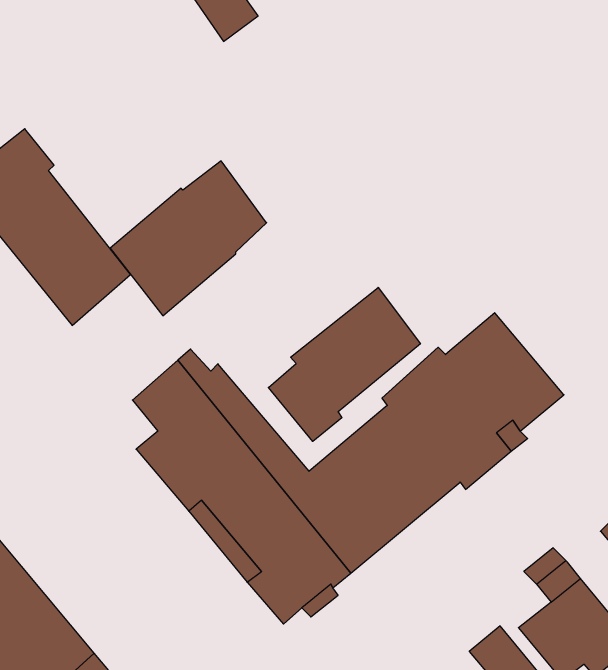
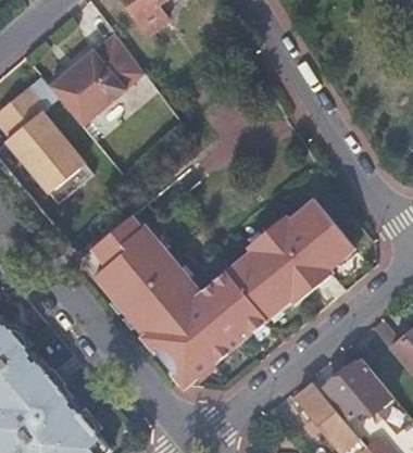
building: [110,161,267,316] -> [50,35,143,127]
building: [268,287,420,441] -> none

